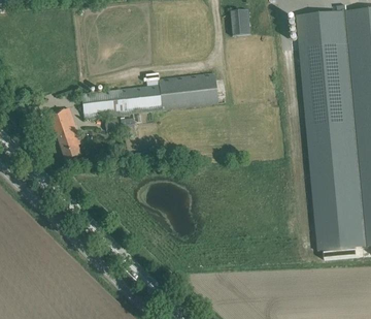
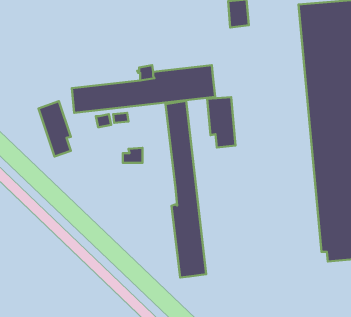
building: none -> [207,97,236,147]
building: none -> [166,101,206,278]

